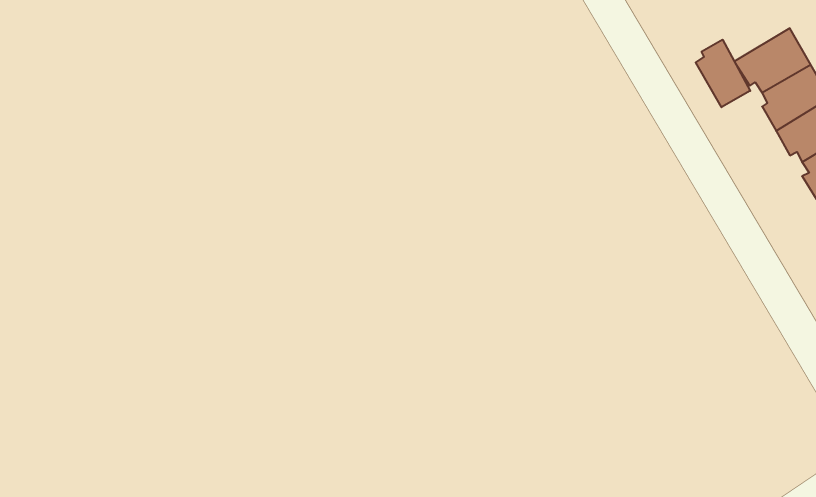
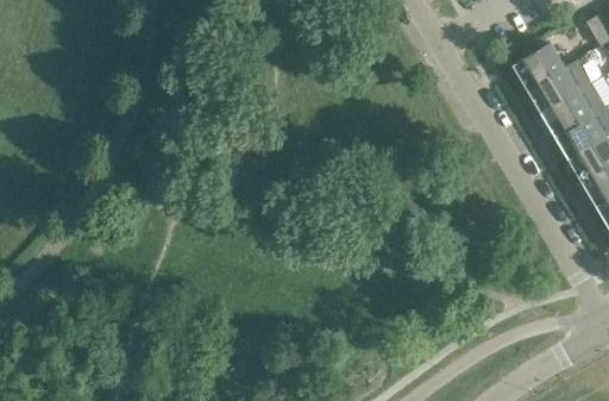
building: [696,40,750,107] -> none

